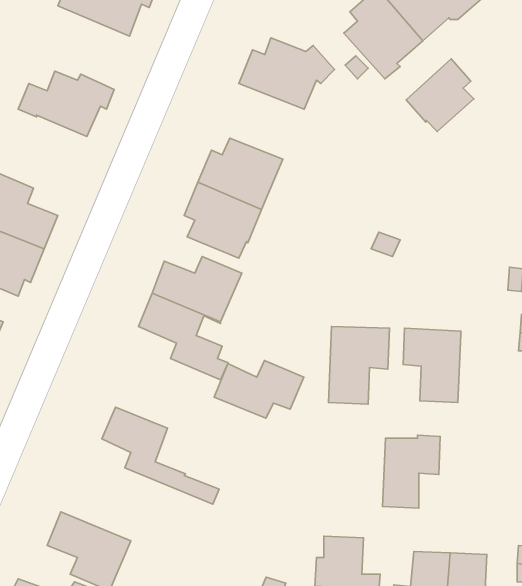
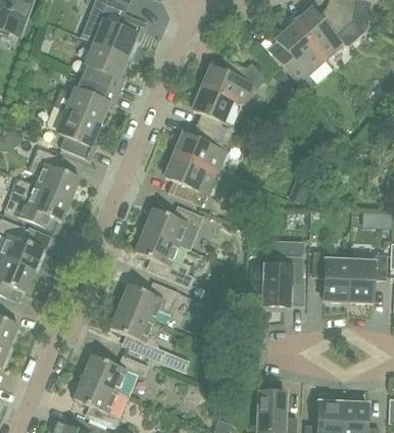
building: none -> [81,42,128,92]
building: [406,59,474,132] -> none
building: none -> [192,88,245,139]
building: none -> [56,109,99,159]
building: [214,361,304,418] -> [118,281,179,320]
building: [382,435,440,508] -> [348,254,387,303]
building: none -> [82,354,148,395]

